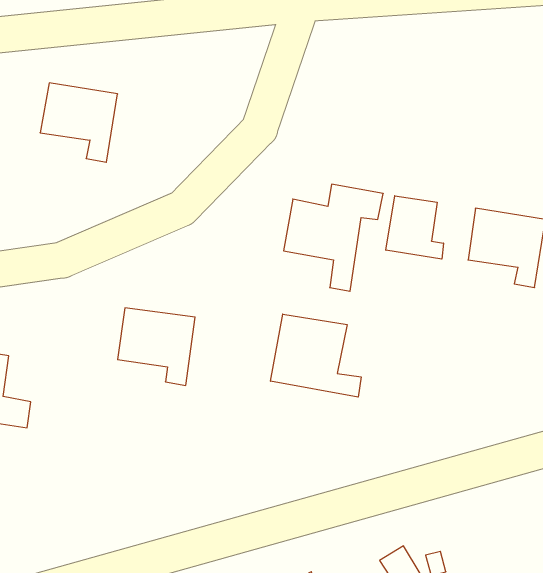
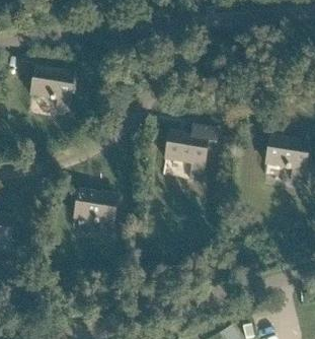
building: [386,196,443,259] -> none
building: [271,314,361,397] -> none

